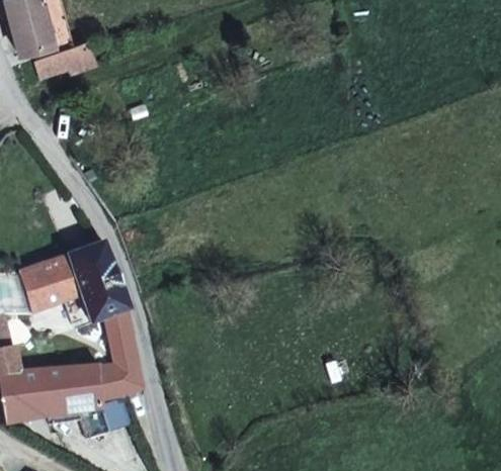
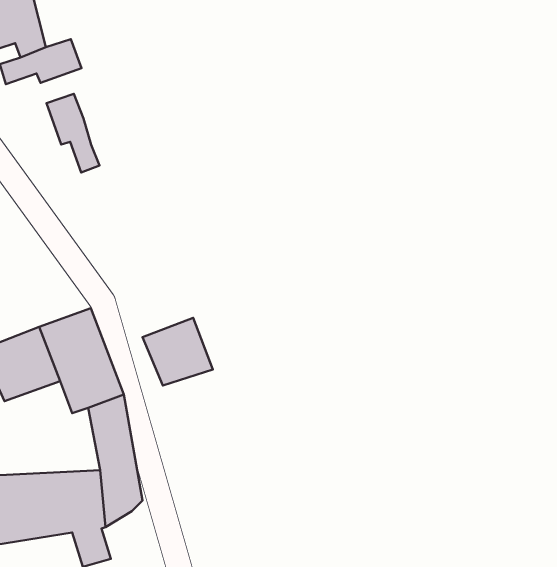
building: none -> [46,94,99,173]
building: none -> [143,318,213,385]

